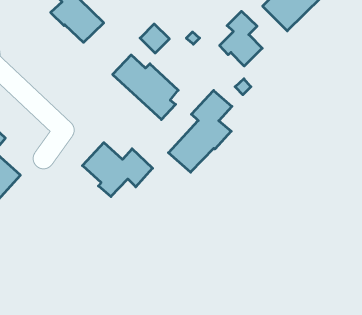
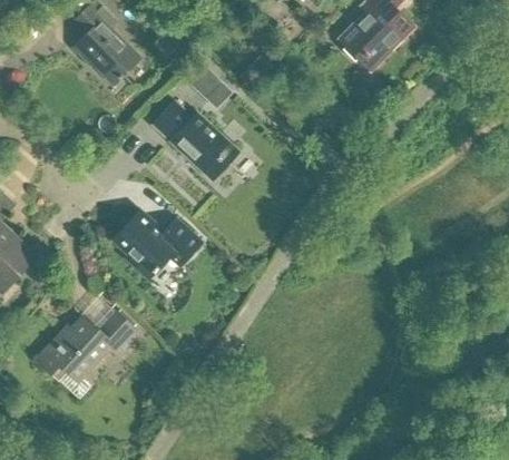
building: [220,11,262,66] -> none
building: [168,90,232,172] -> none
building: none -> [37,312,138,381]

